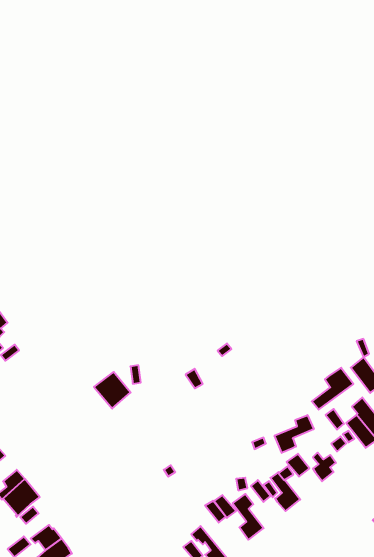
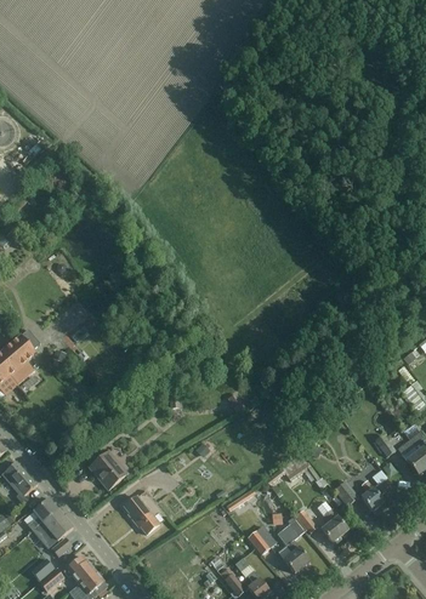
building: [312,368,353,410] -> none
building: [94,372,131,409] -> [87,451,126,490]
building: [275,415,314,453] -> none
building: none -> [123,496,158,534]

